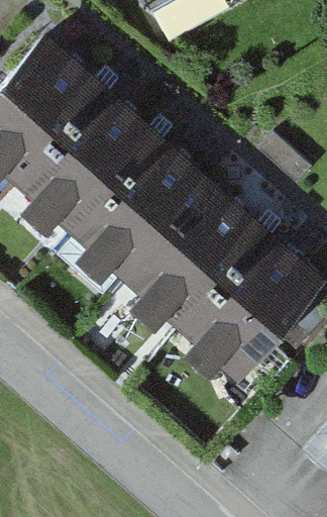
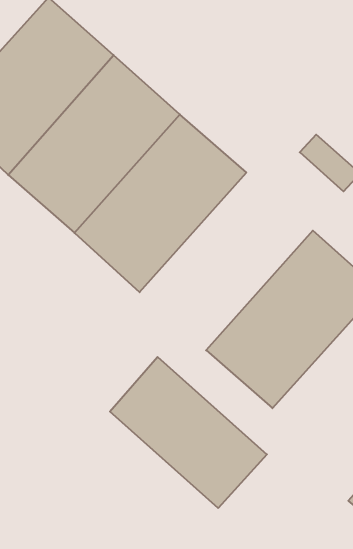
building: [125,182,272,333] -> none
building: none -> [110,357,267,508]

